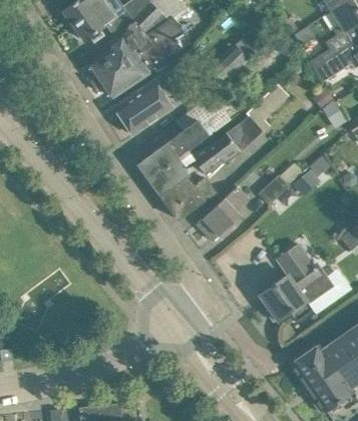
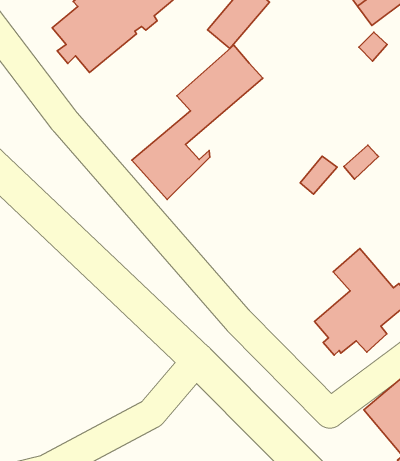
building: [115,81,172,134] -> none
building: [161,82,289,220] -> none
building: [197,186,248,241] -> none

